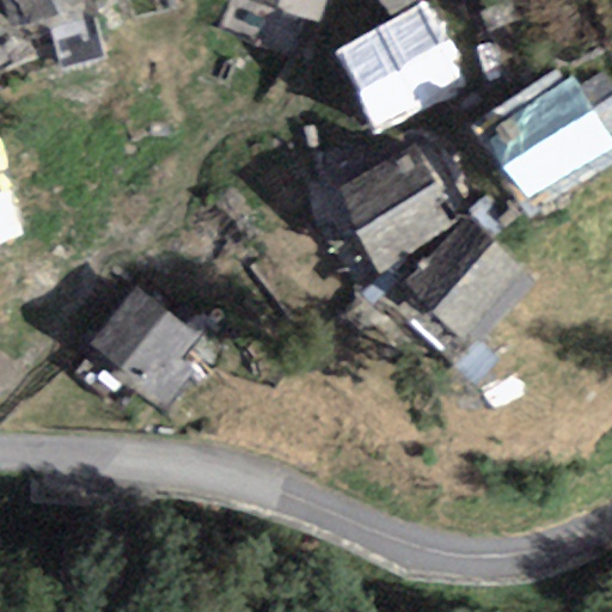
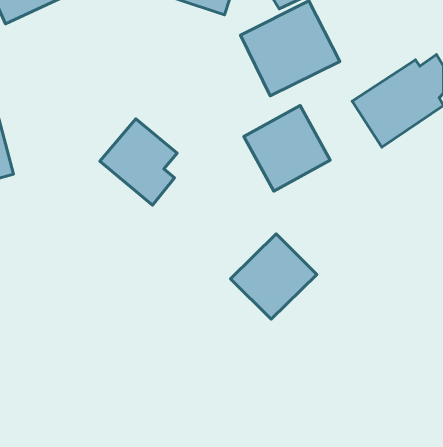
building: [403,219,520,335] -> [231,234,317,319]
building: [88,288,194,405] -> [100,119,177,205]

